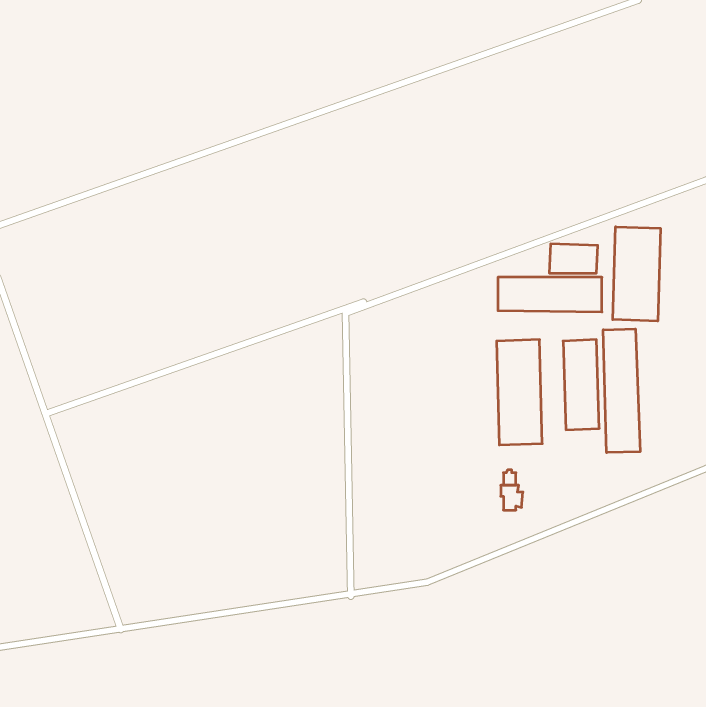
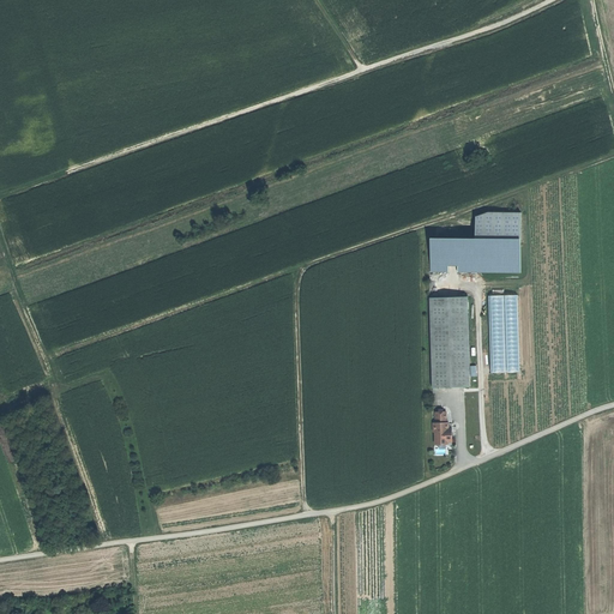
building: [613,227,660,321] -> none
building: [603,329,640,453] -> none

